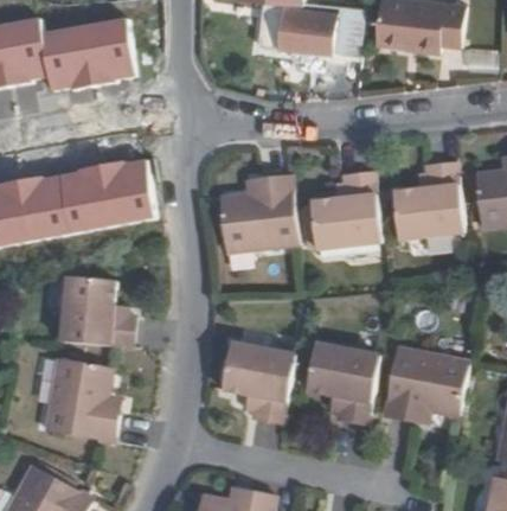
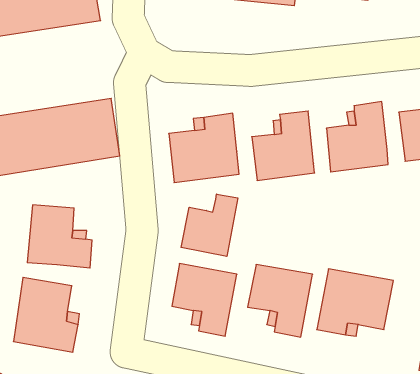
building: none -> [181,194,238,256]

